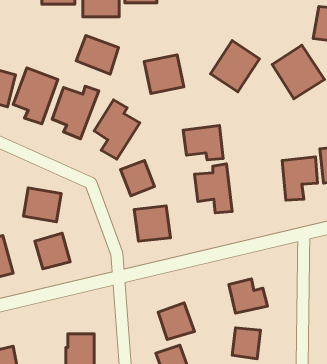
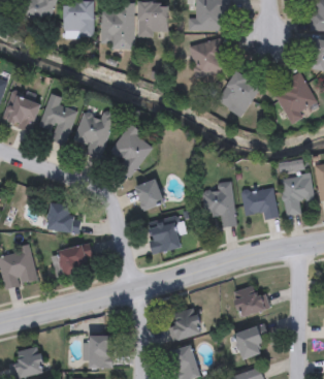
building: [76,35,118,74] -> none
building: [144,55,184,94] -> [190,39,226,74]
building: [183,125,223,160] -> [241,188,278,219]

